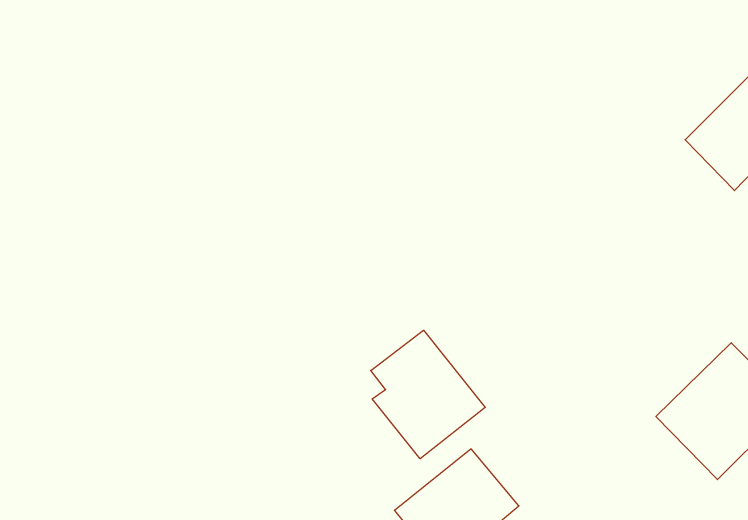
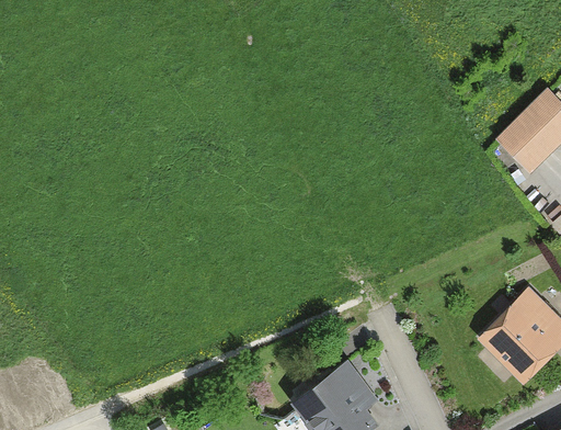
building: [371,330,485,459] -> none

